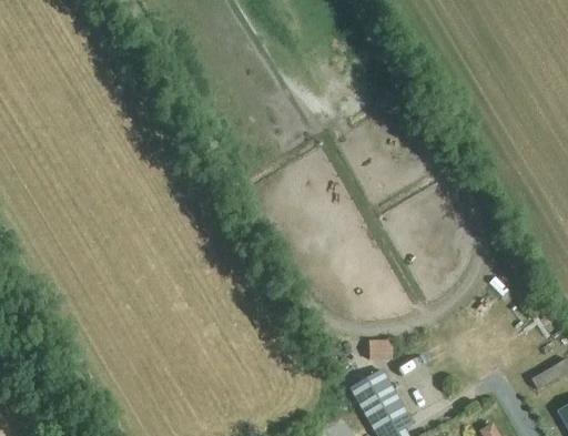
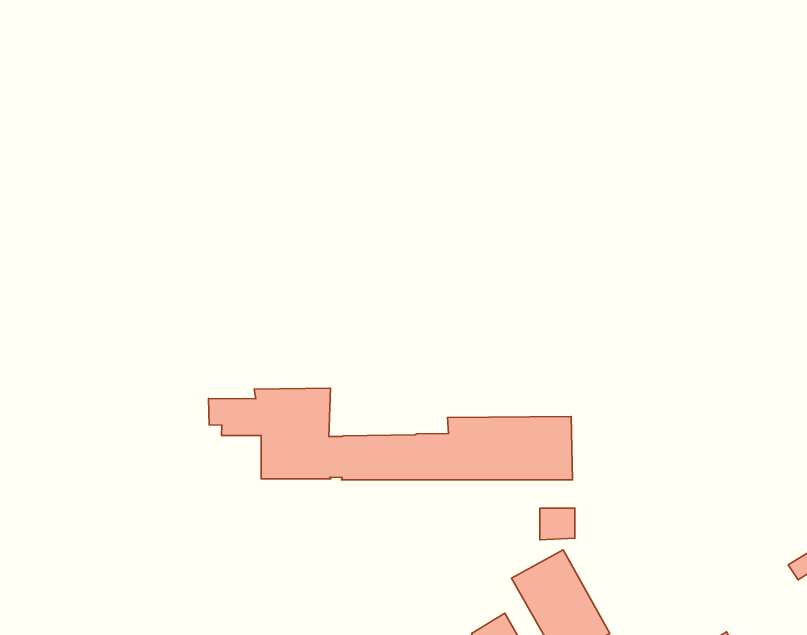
building: none -> [209,388,573,480]

